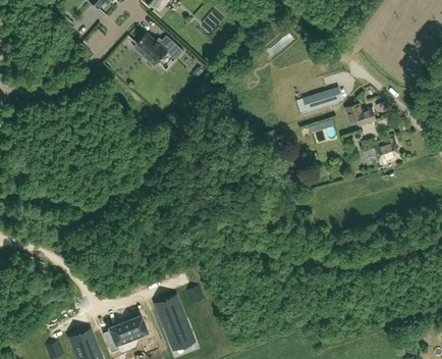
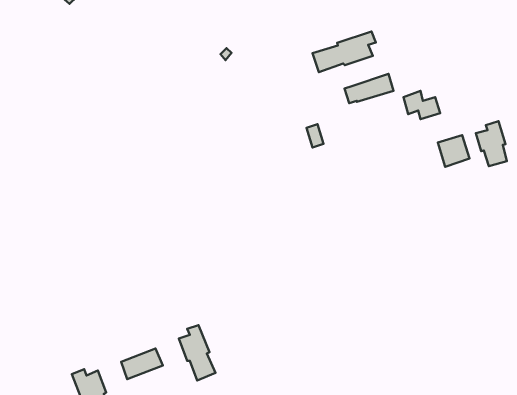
building: [135,33,184,63] -> none
building: none -> [312,32,376,72]
building: none -> [476,121,507,166]

